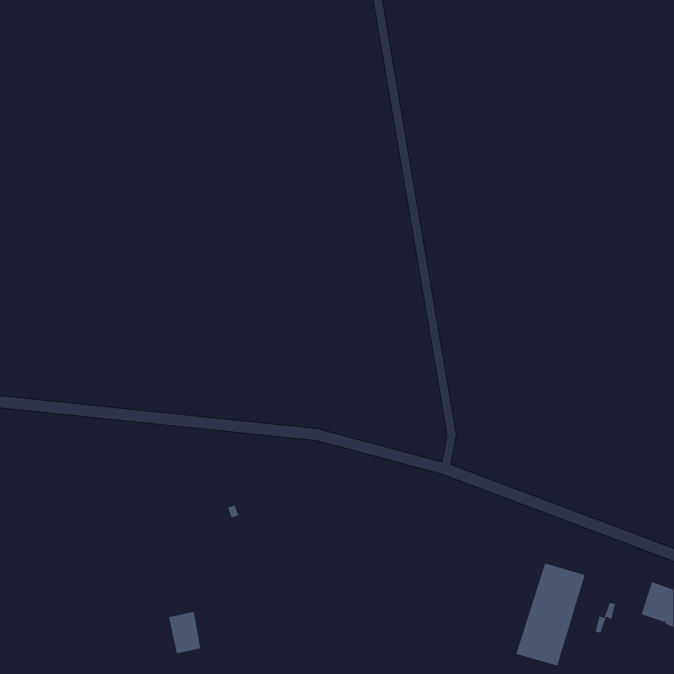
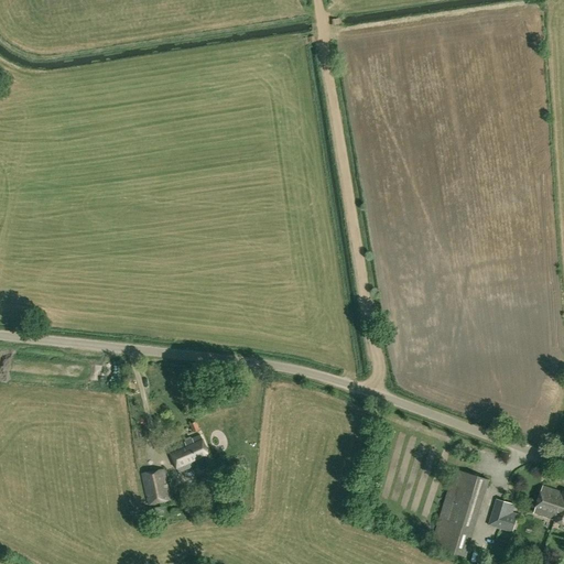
building: none -> [169,434,210,471]
building: [168,611,201,654] -> [141,469,169,505]

